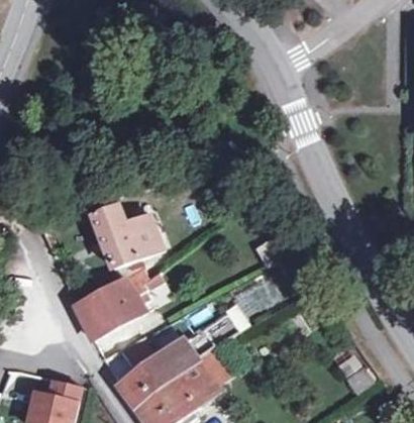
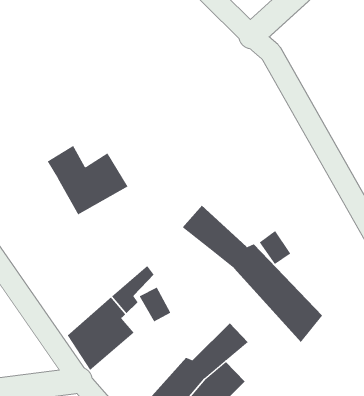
building: [92,204,161,266] -> [47,145,128,215]
building: none -> [182,205,323,343]

